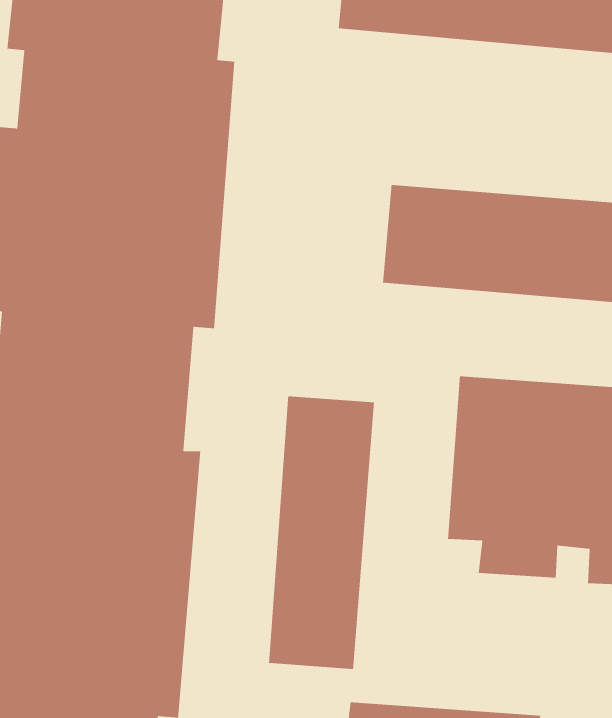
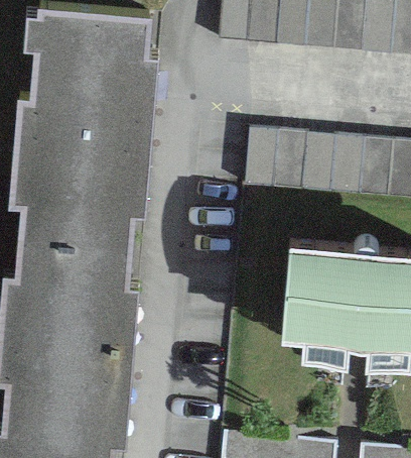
building: [268,395,375,670] -> none

